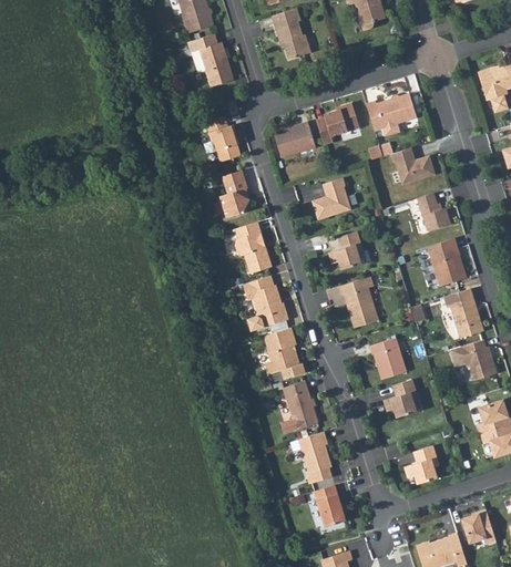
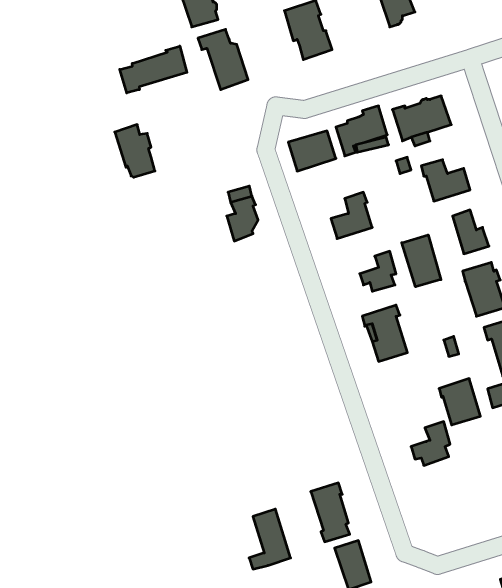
building: none -> [120,46,187,93]
building: [204,116,239,163] -> [115,125,155,177]
building: none -> [402,235,441,287]
building: [235,220,272,274] -> none
building: [243,275,288,327] -> none
building: [264,327,305,379] -> none
building: [368,339,405,380] -> [439,379,480,425]
building: [280,380,317,433] -> [249,509,291,569]
building: [402,445,437,482] -> none

